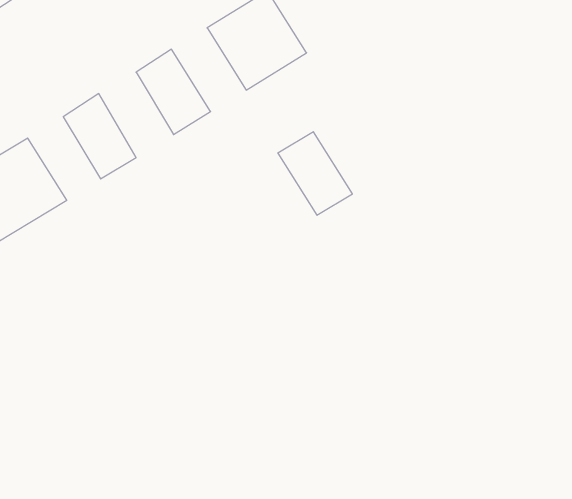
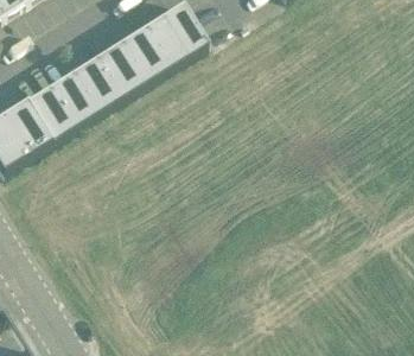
building: none -> [71,55,121,112]
building: none -> [24,84,72,140]
building: [278,132,352,215] -> [120,25,170,81]

